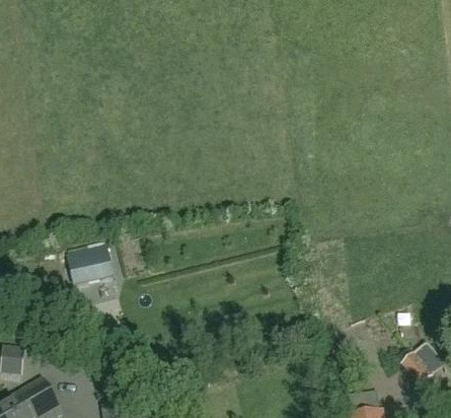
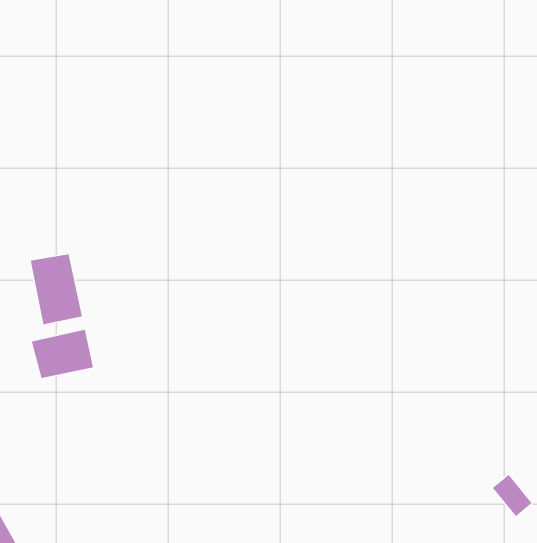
building: none -> [30,254,83,325]

